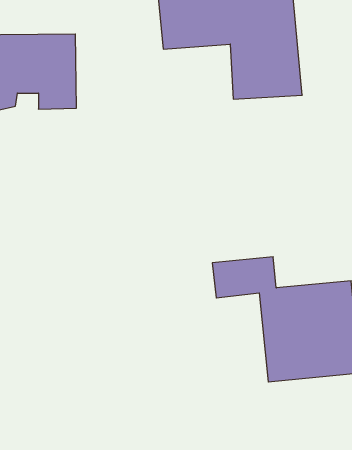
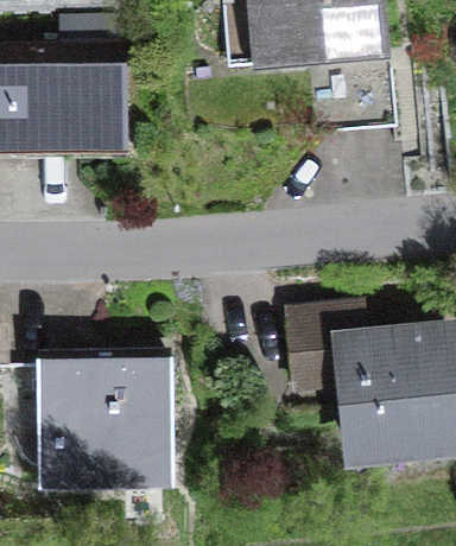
building: none -> [45,363,169,484]

